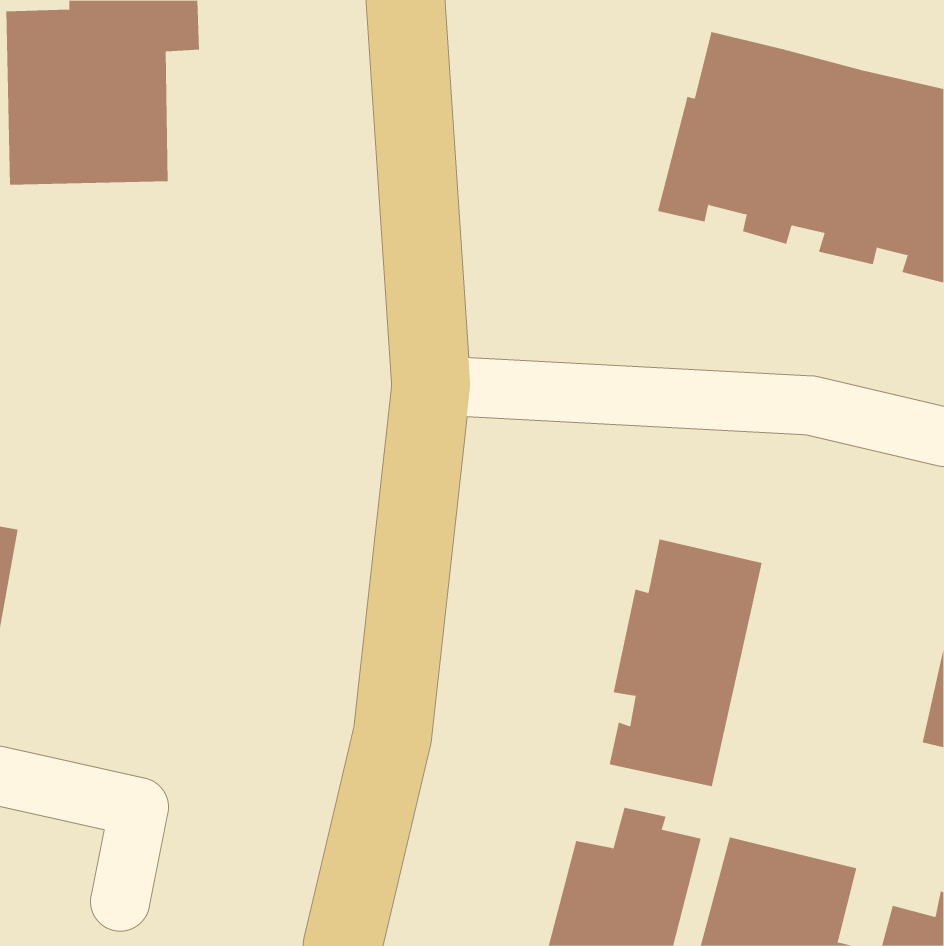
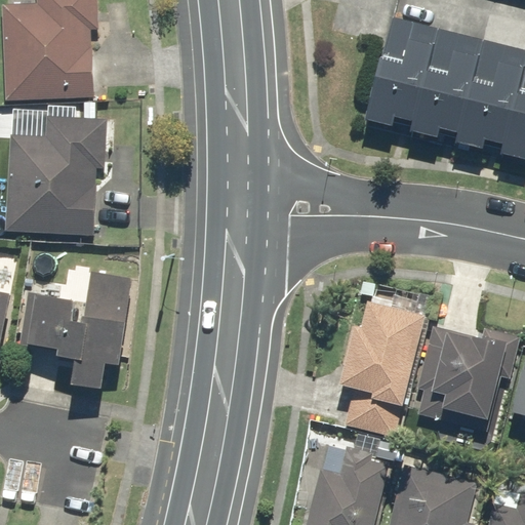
building: none -> [6,103,107,237]
building: none -> [21,274,131,391]
building: none -> [415,324,506,431]

